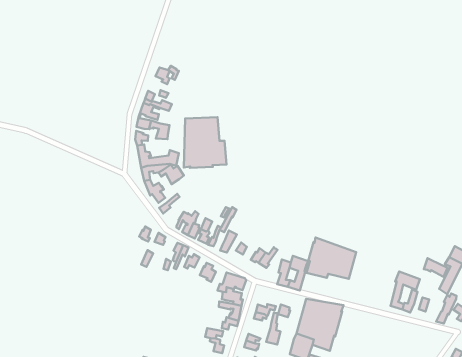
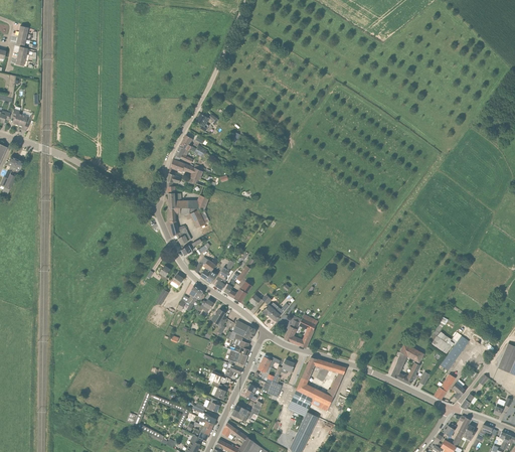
building: [184,117,226,168] -> none
building: [306,238,356,279] -> none

